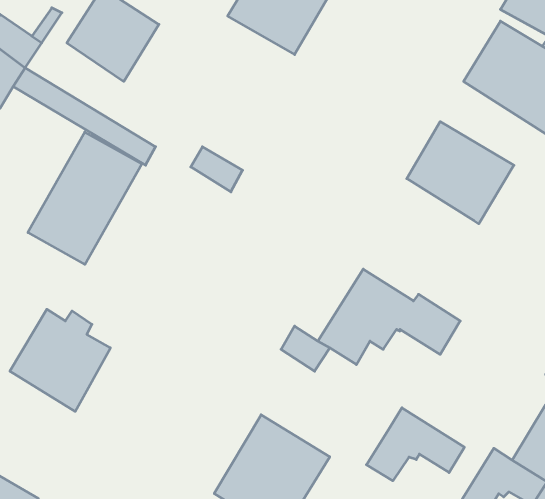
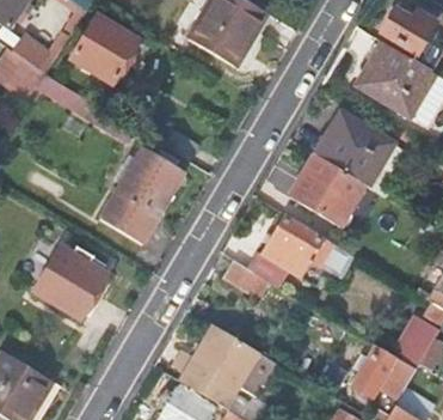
building: [28,132,142,264] -> [100,151,181,245]
building: none -> [290,153,363,225]
building: [366,408,464,481] -> none

